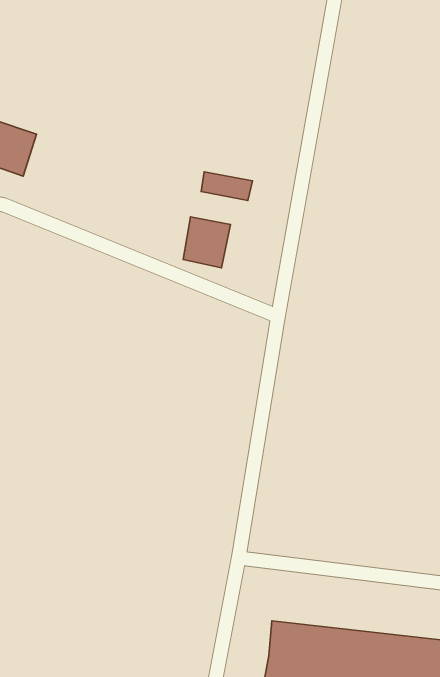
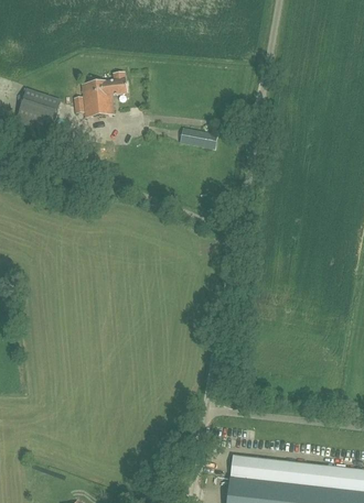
building: none -> [73,70,127,117]
building: [183,217,231,268] -> none

